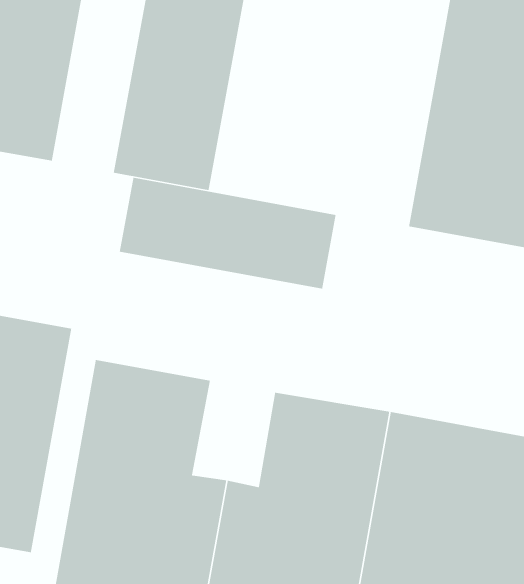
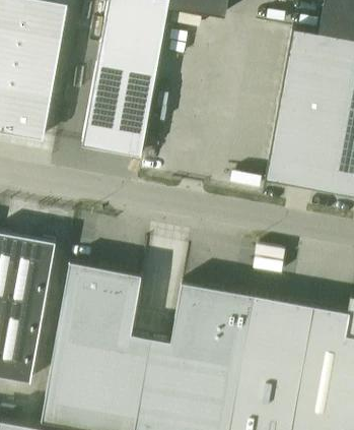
building: [119,177,337,290] -> none

